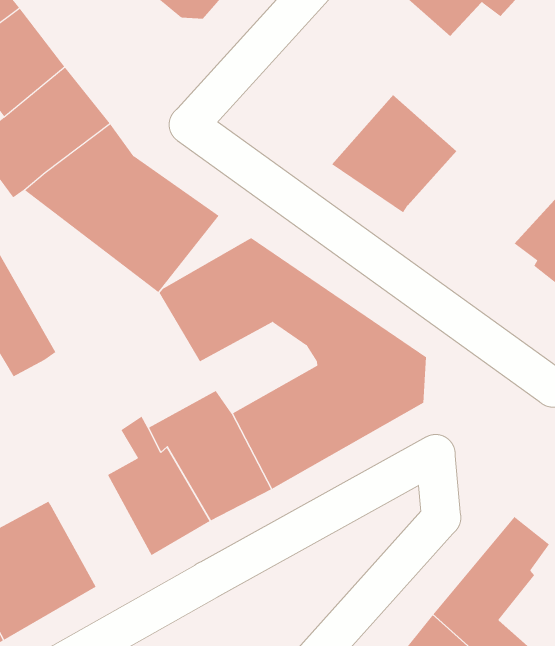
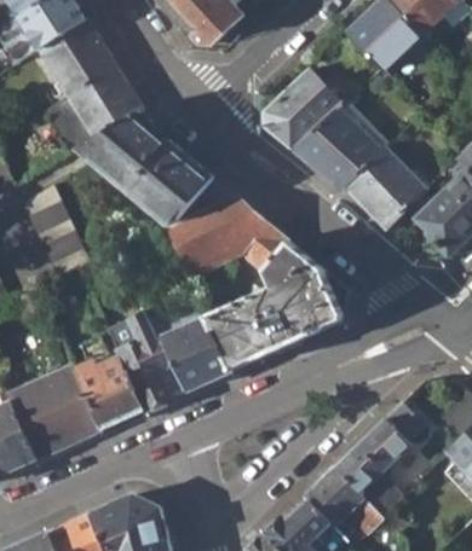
building: none -> [263,68,343,149]
building: none -> [344,144,424,225]
building: none -> [76,350,143,428]

